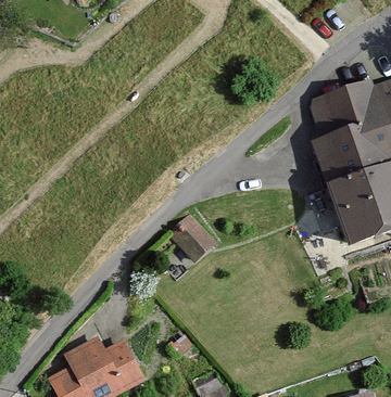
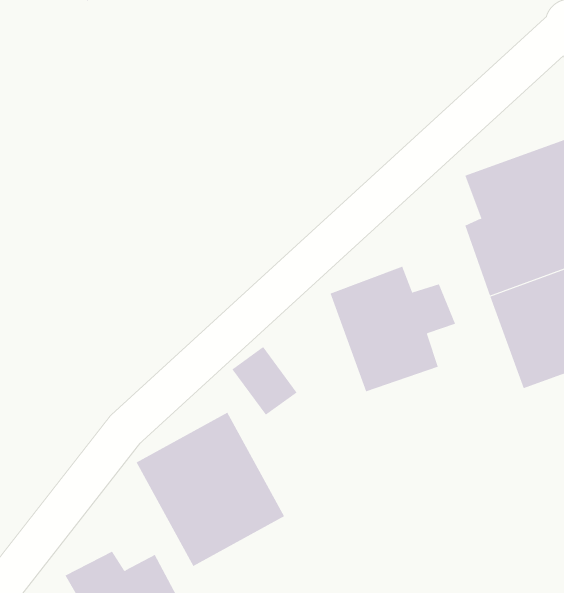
building: none -> [330,266,456,392]
building: none -> [136,412,285,567]

